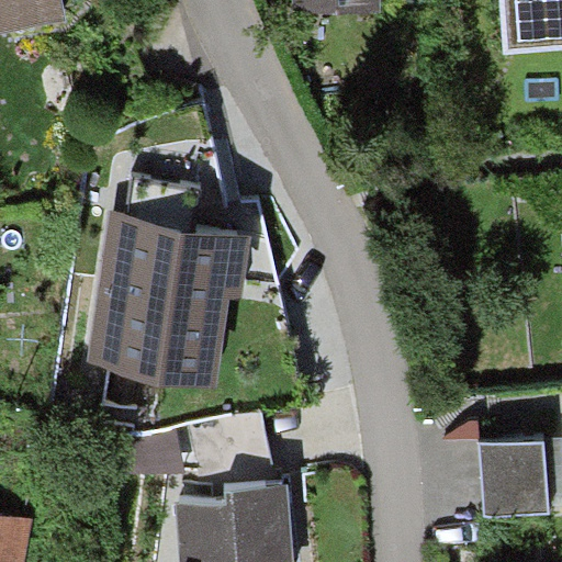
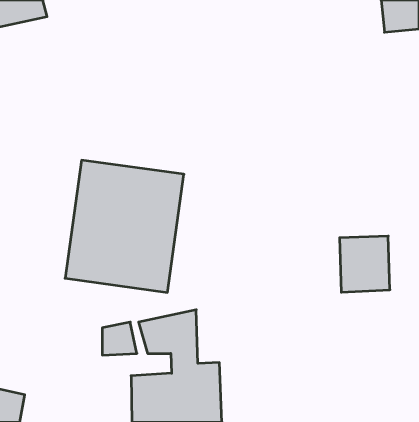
building: [479,441,546,516] -> [340,236,390,292]

